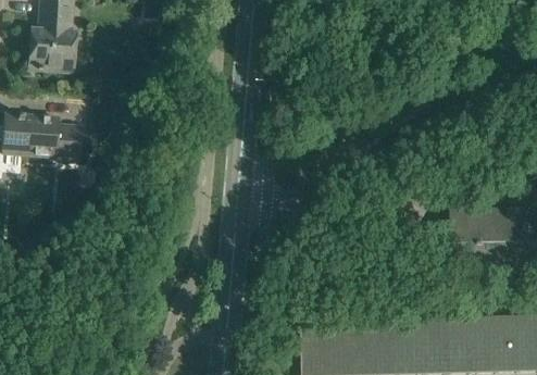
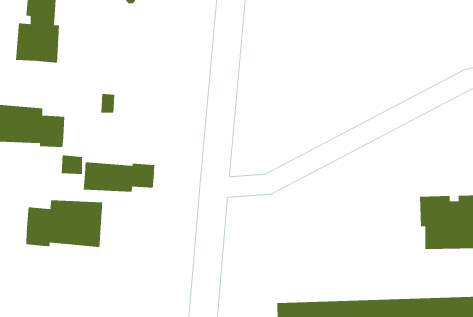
building: none -> [83,162,155,193]
building: none -> [26,200,103,248]

